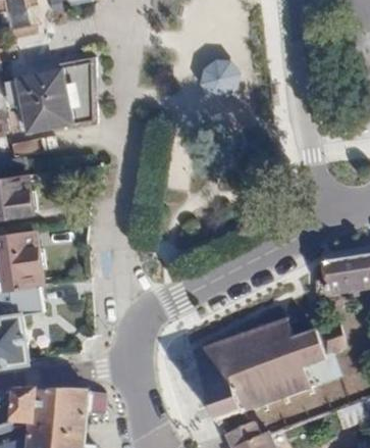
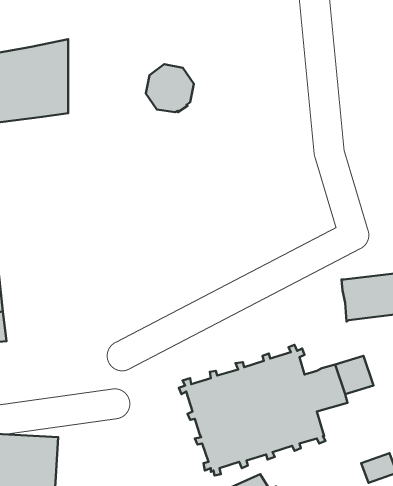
building: [200,58,240,98] -> [146,64,194,112]

